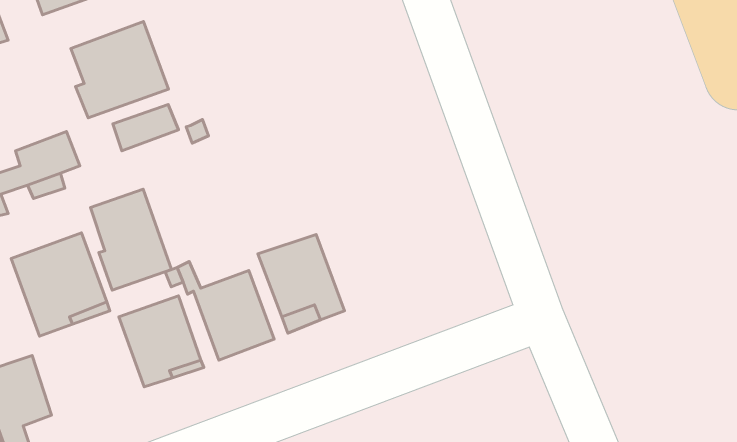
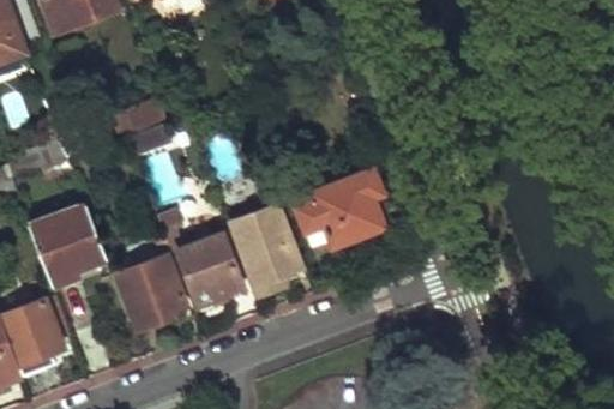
building: [71,22,168,118] -> none
building: none -> [296,168,389,257]
building: [91,189,172,290] -> none

